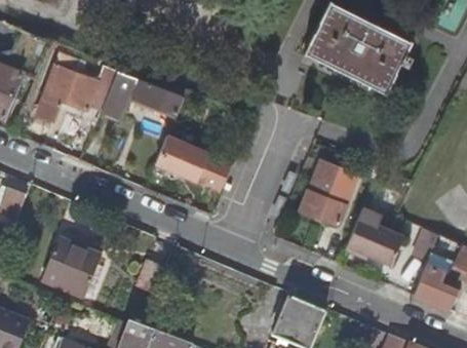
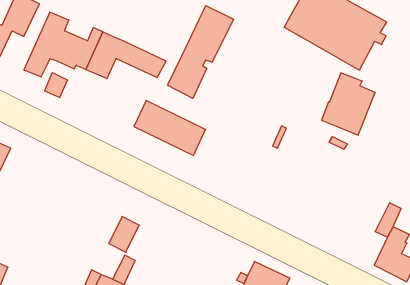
building: none -> [168,6,233,98]
building: [301,158,355,222] -> [322,73,375,135]
building: [346,206,401,263] -> none
building: [41,239,101,299] -> none

